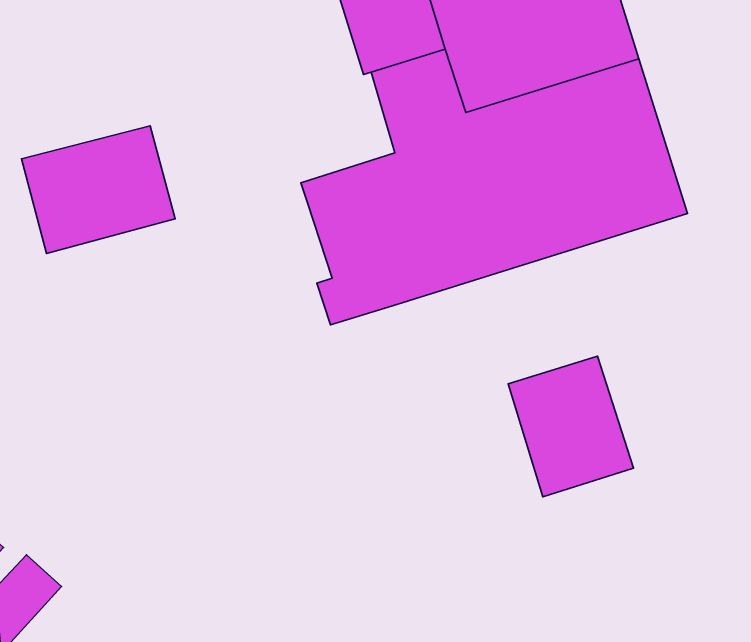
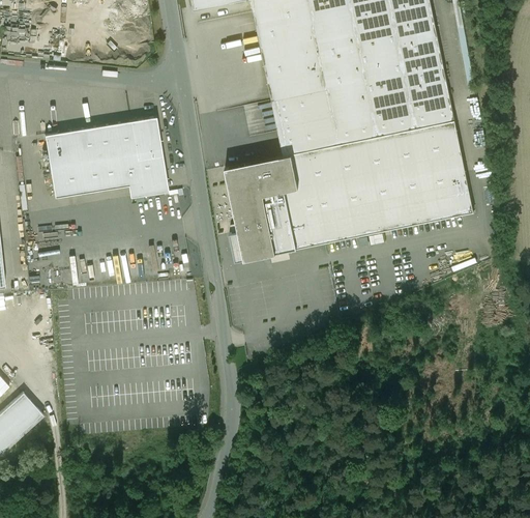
building: none -> [128,117,168,198]
building: [508,356,634,497] -> none

